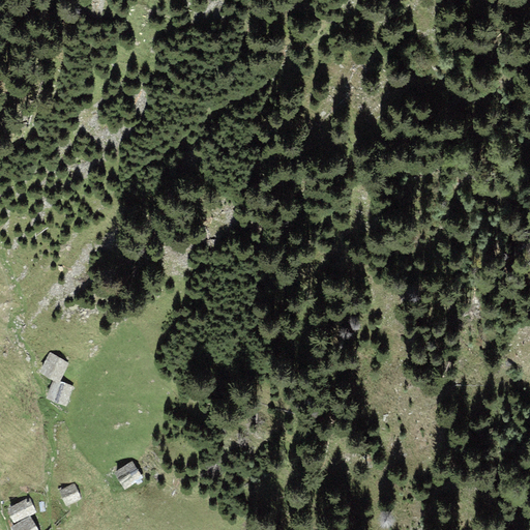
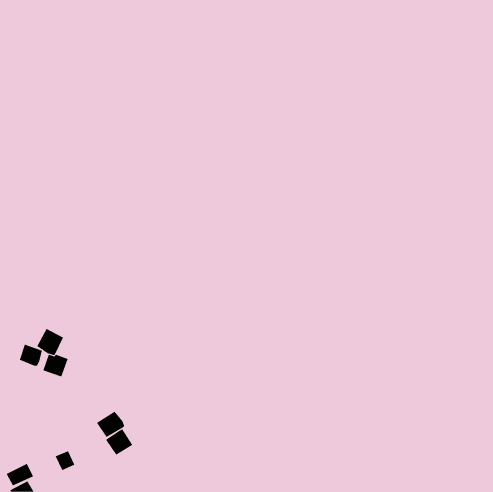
building: none -> [19,344,42,367]
building: none -> [96,411,125,438]

